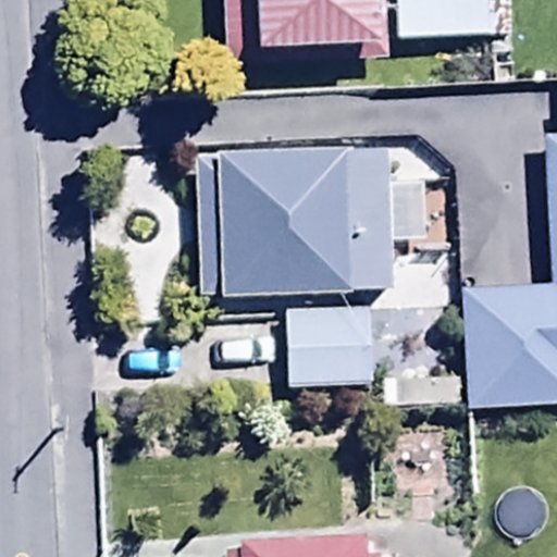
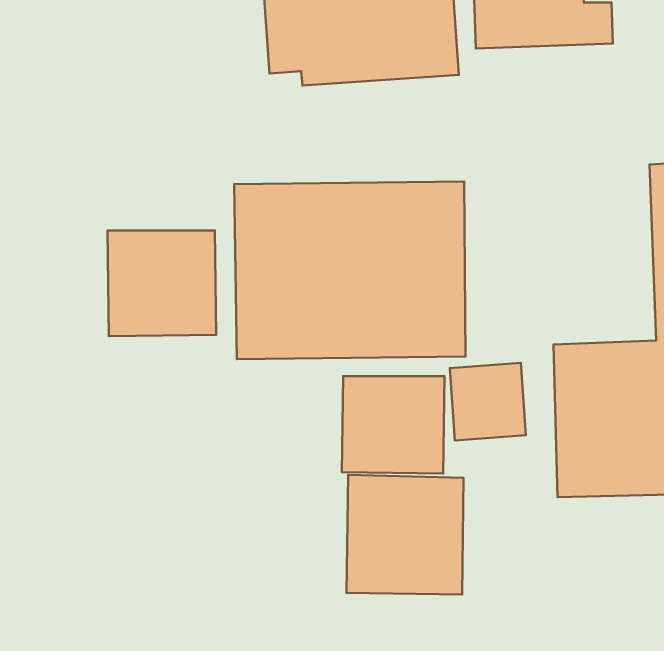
building: none -> [108,230,216,336]
building: none -> [347,475,464,594]

